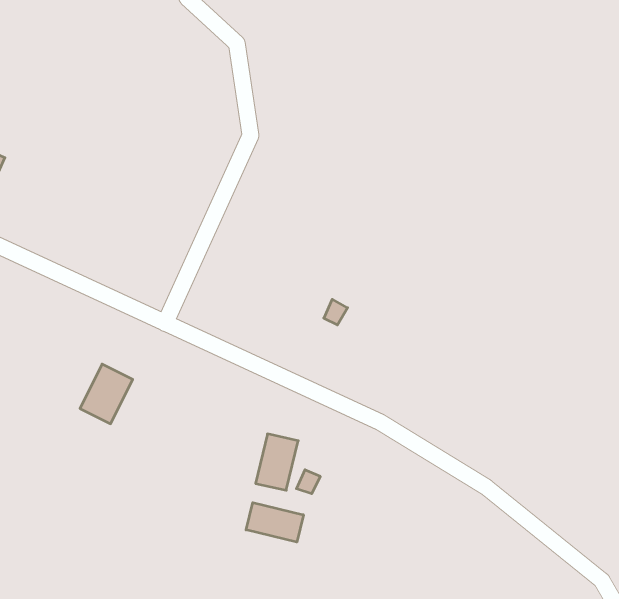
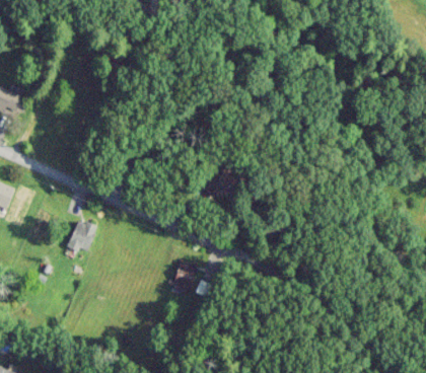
building: [246,503,303,542] -> none

